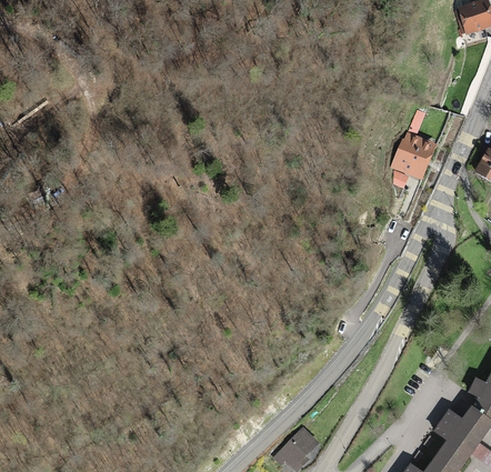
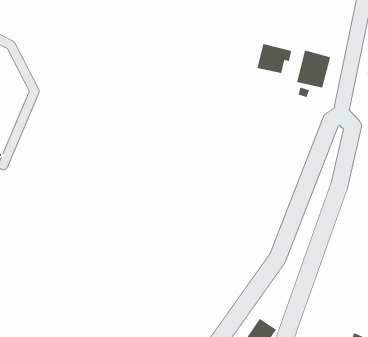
building: none -> [256,43,292,74]

